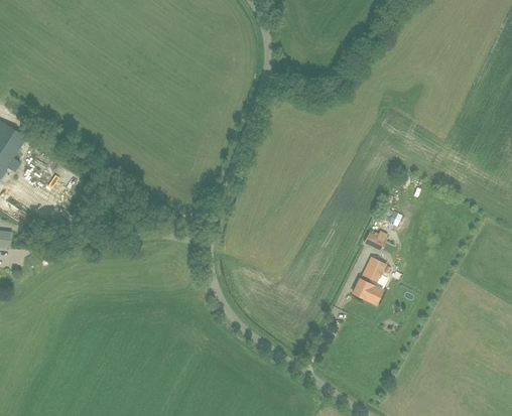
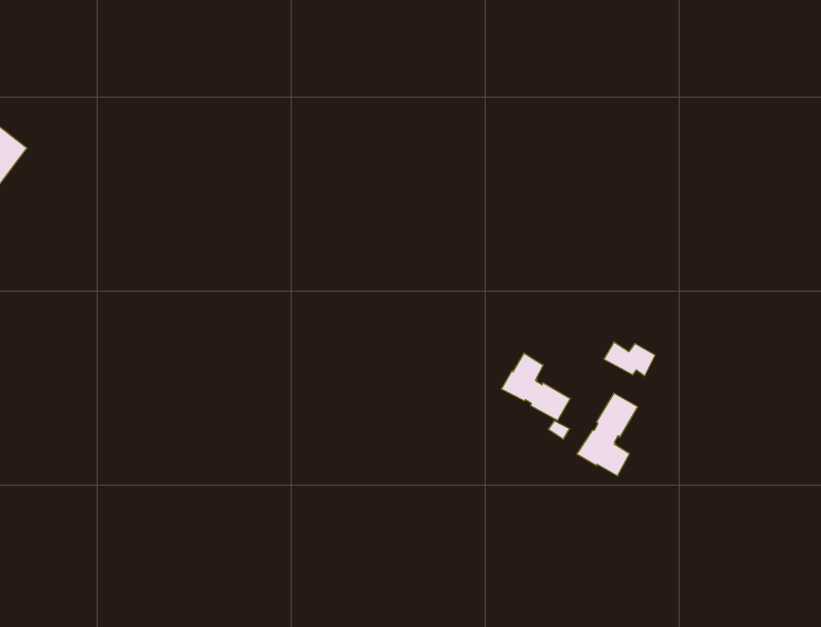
building: none -> [501,353,570,420]

